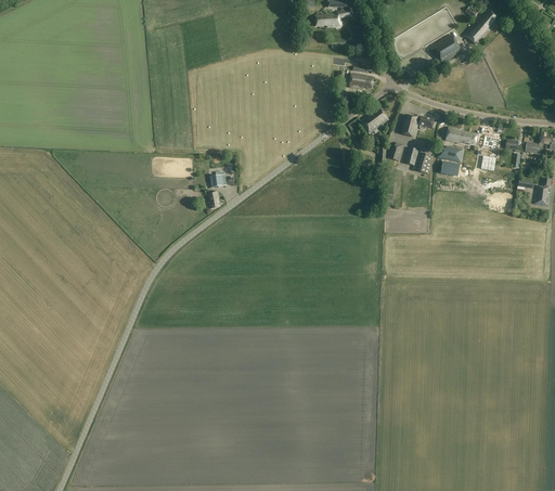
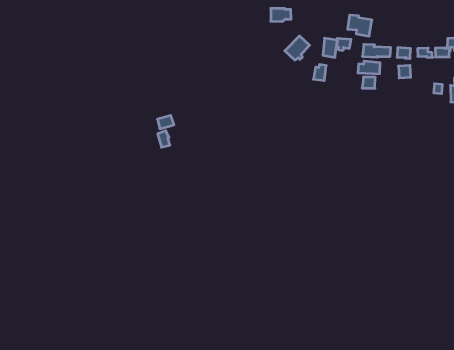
building: [404,146,433,172] -> [348,15,372,36]

